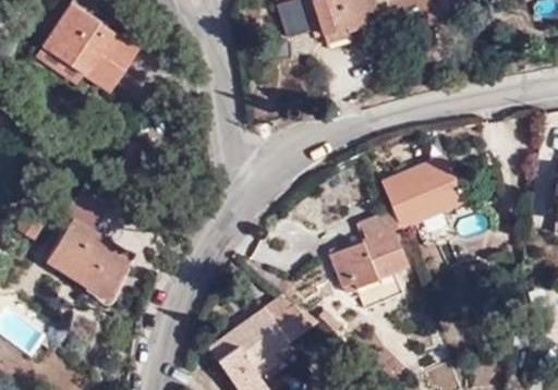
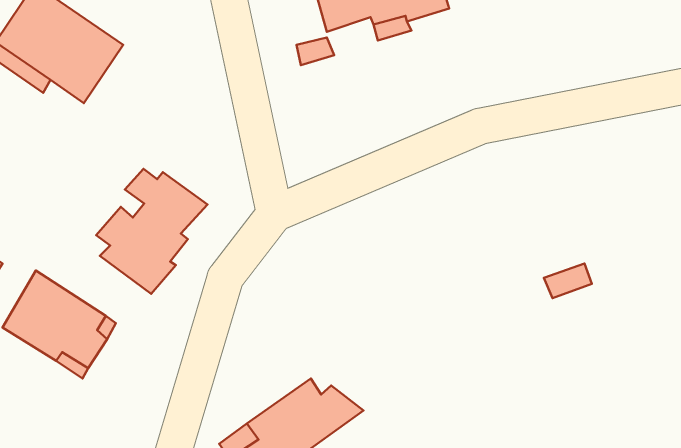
building: none -> [96,169,208,294]
building: [330,156,463,300] -> none

